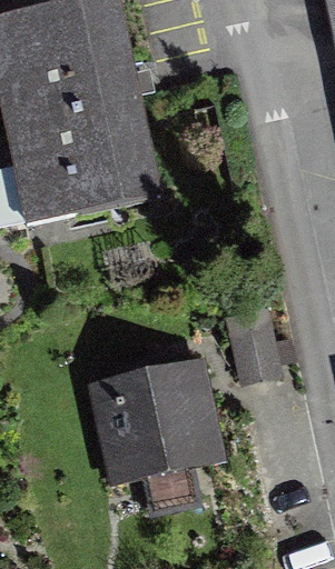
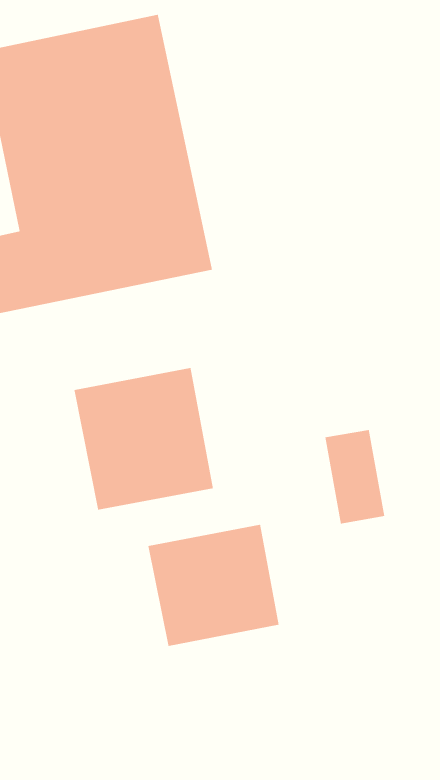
building: none -> [74,367,214,511]

